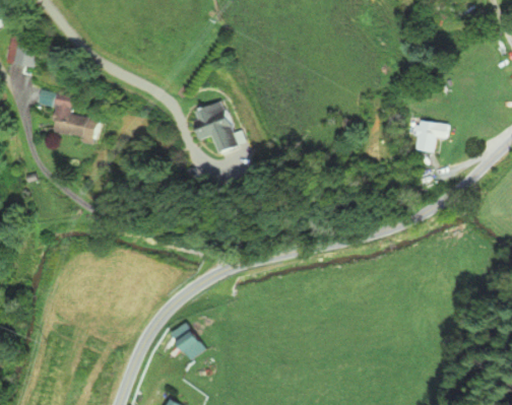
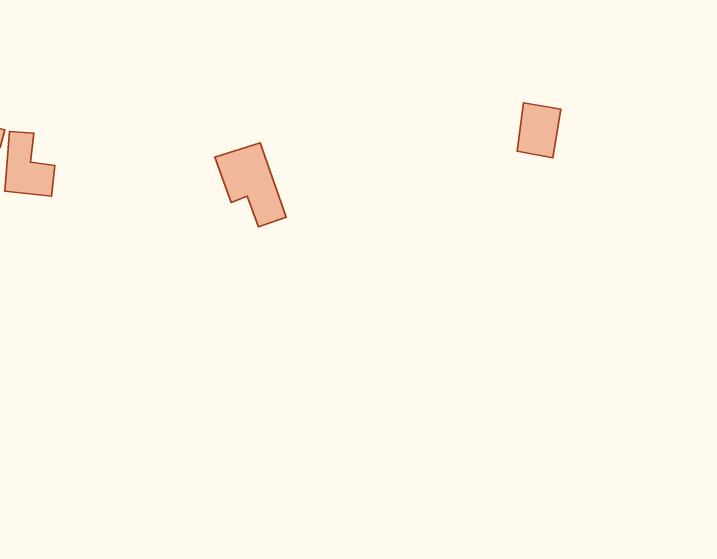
building: [415,119,443,153] -> [517,103,561,158]
building: [180,330,205,358] -> none

